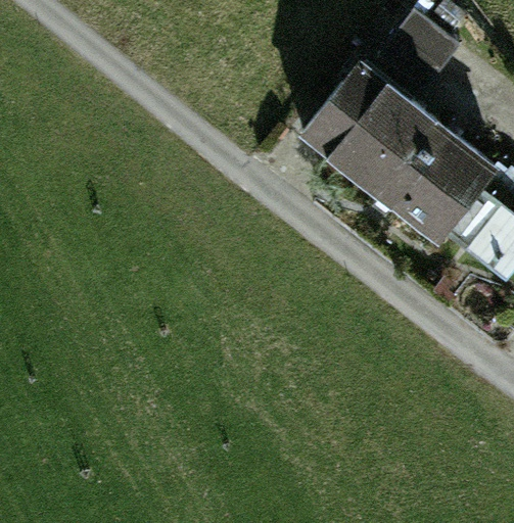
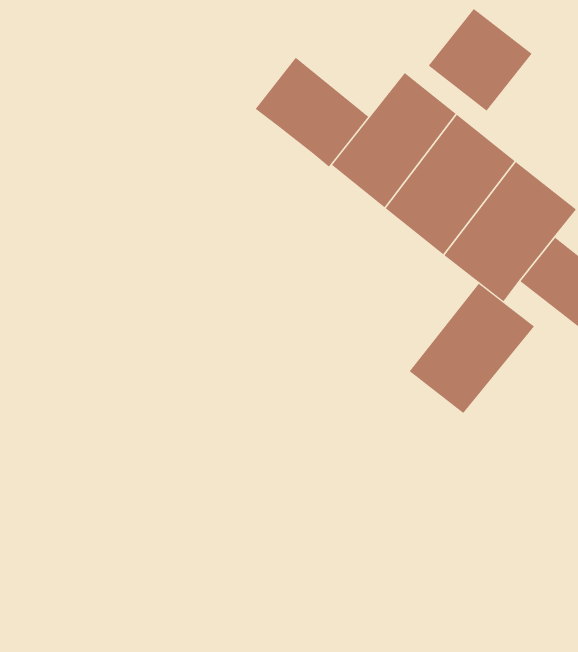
building: none -> [255,57,369,168]
building: none -> [409,283,535,414]

